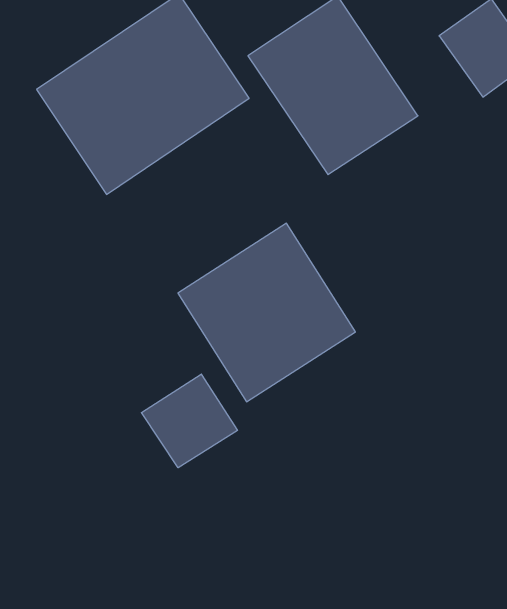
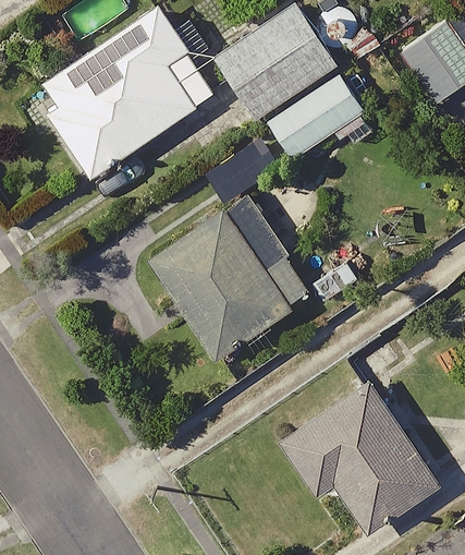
building: [141,374,237,468] -> none
building: none -> [269,367,430,523]

